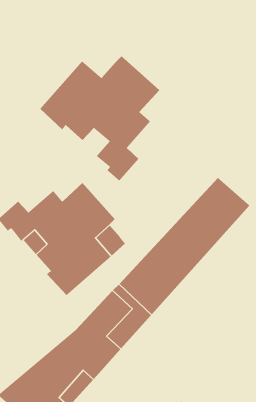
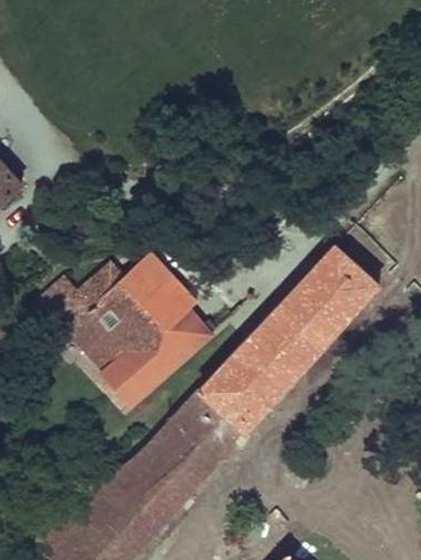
building: [40,56,160,182] -> none

